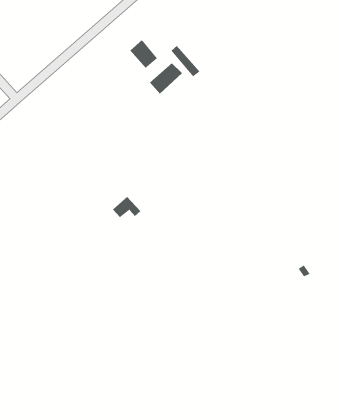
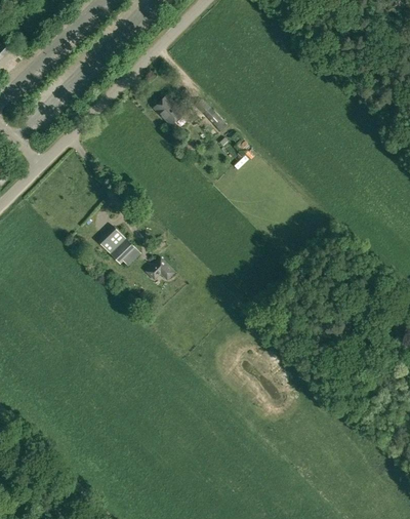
building: [149,62,183,94] -> none
building: none -> [99,226,137,265]

